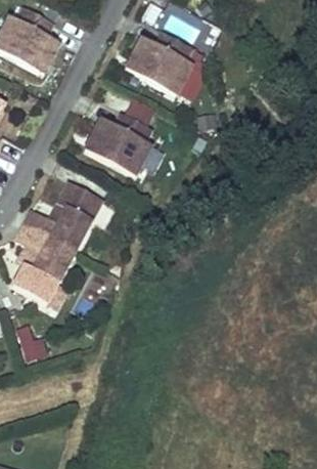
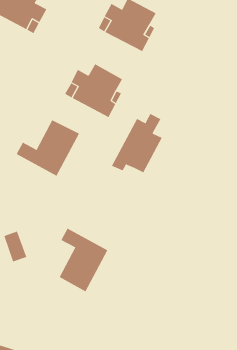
building: none -> [111,113,163,173]
building: [14,224,76,304] -> [59,228,108,292]

